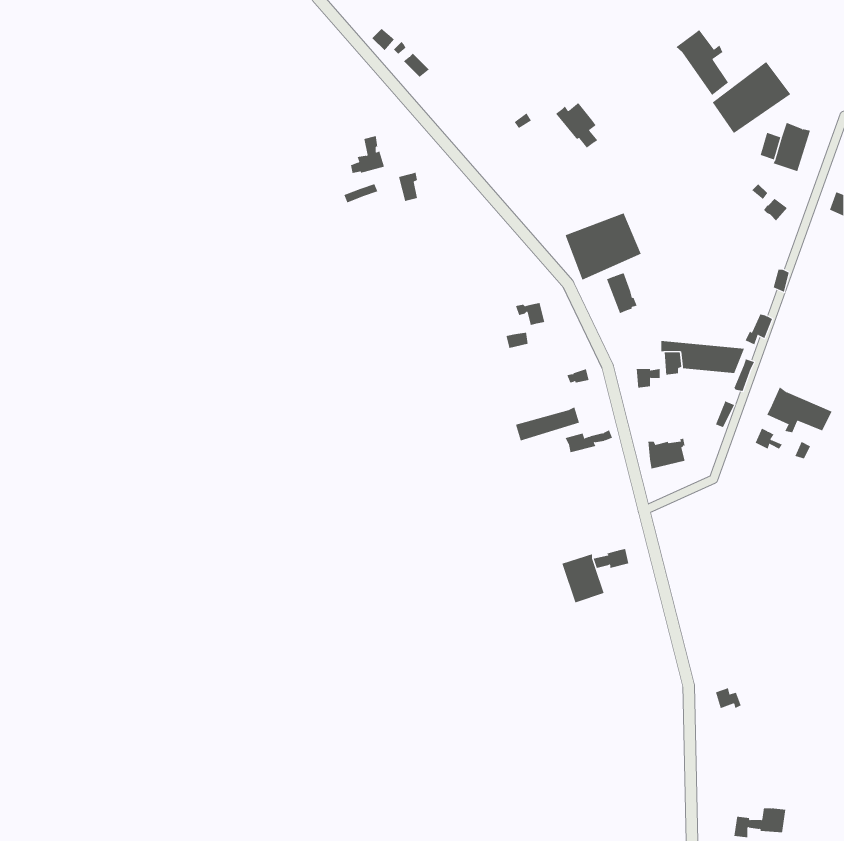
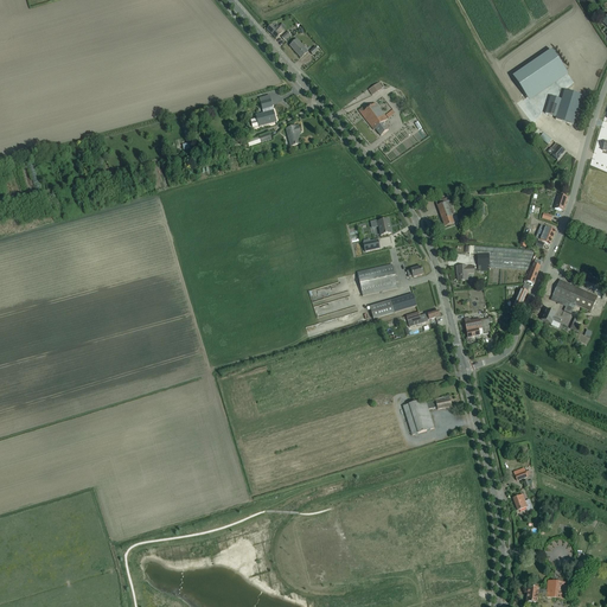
building: [676,29,729,96] -> none
building: [555,102,598,148] -> [358,101,389,134]
building: [565,213,641,281] -> none
building: none -> [357,263,397,294]

